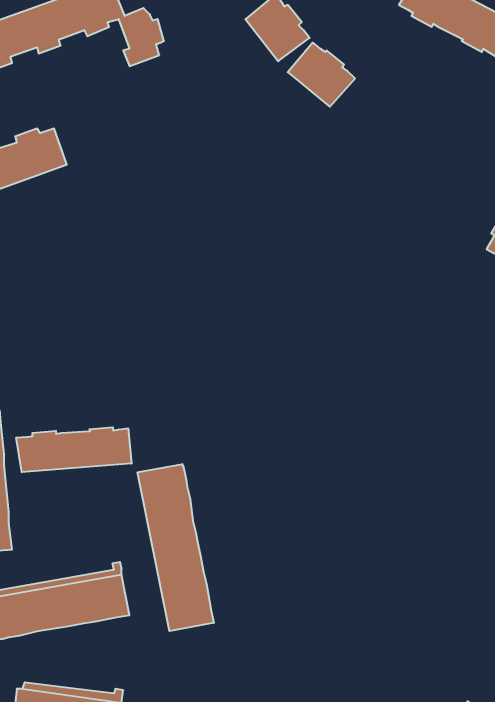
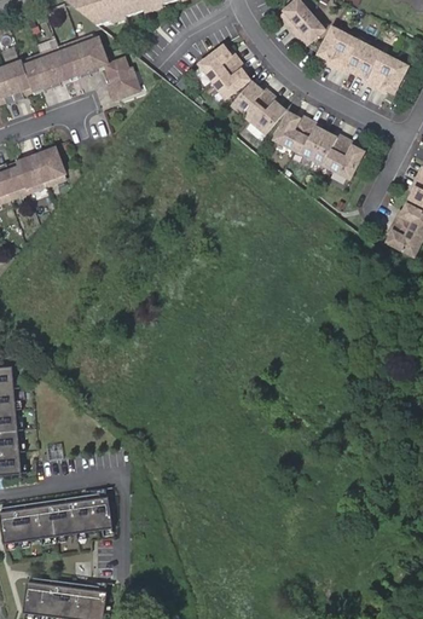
building: none -> [276,112,364,178]
building: [16,427,132,472] -> none
building: [138,464,214,631] -> none

